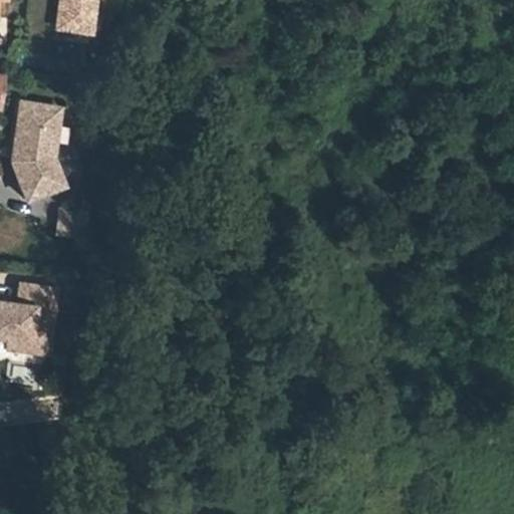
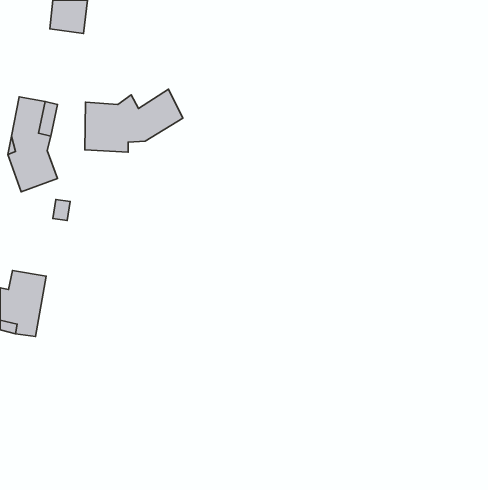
building: none -> [85,89,183,152]

